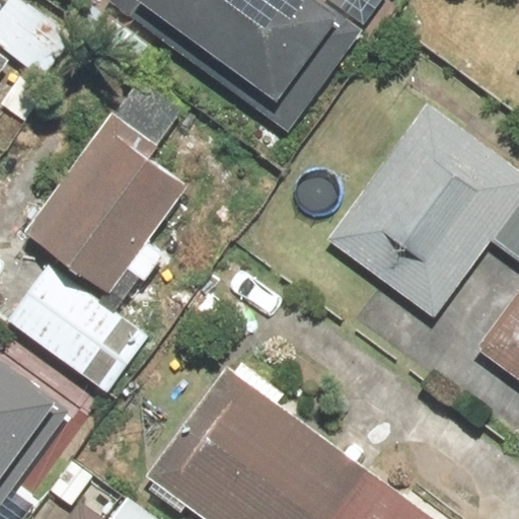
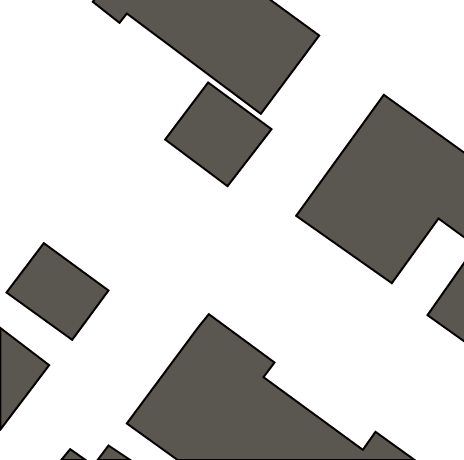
building: [19,82,187,300] -> none
building: none -> [165,82,272,186]

